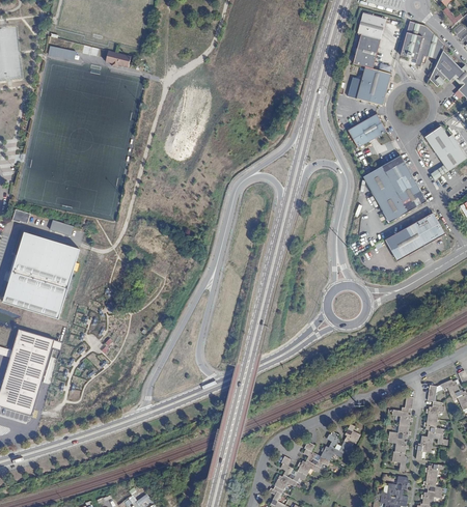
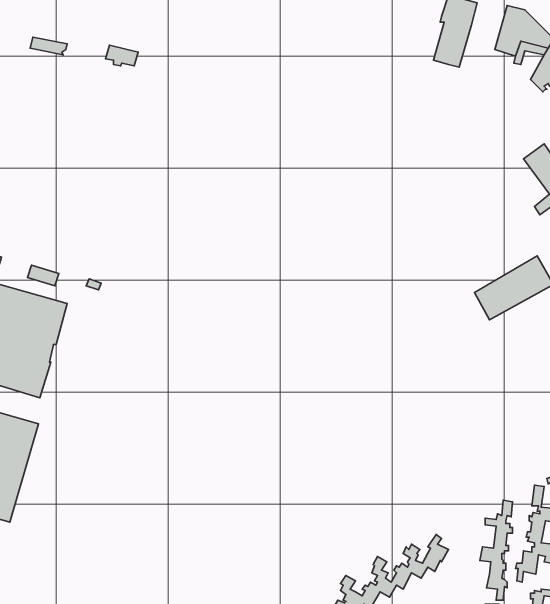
building: [348,66,391,107] -> none
building: [347,112,386,146] -> none
building: [362,156,424,221] -> none

